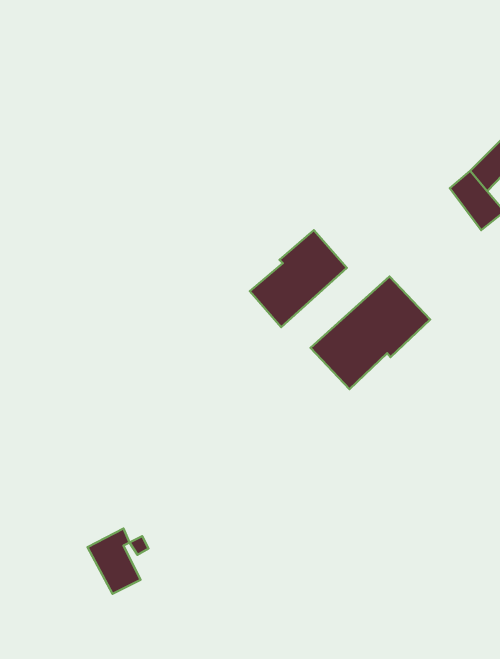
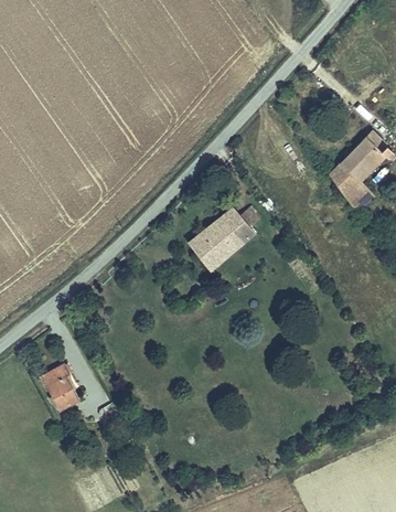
building: [311,276,430,389] -> none
building: [87,528,141,594] -> [40,366,77,413]

